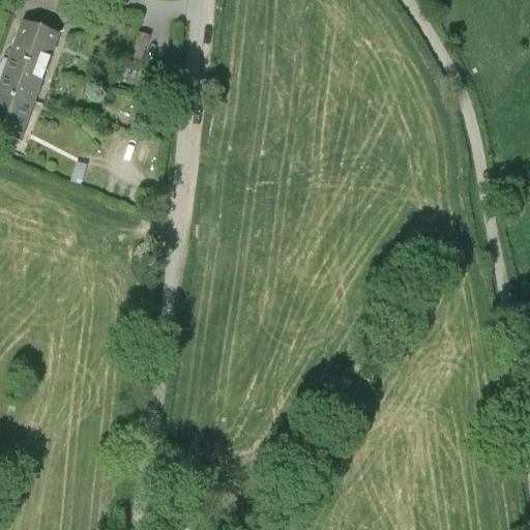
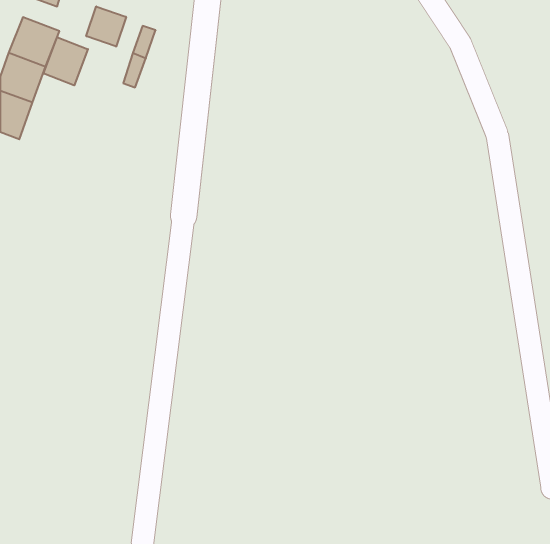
building: none -> [86,6,126,47]
building: none -> [44,37,88,85]

